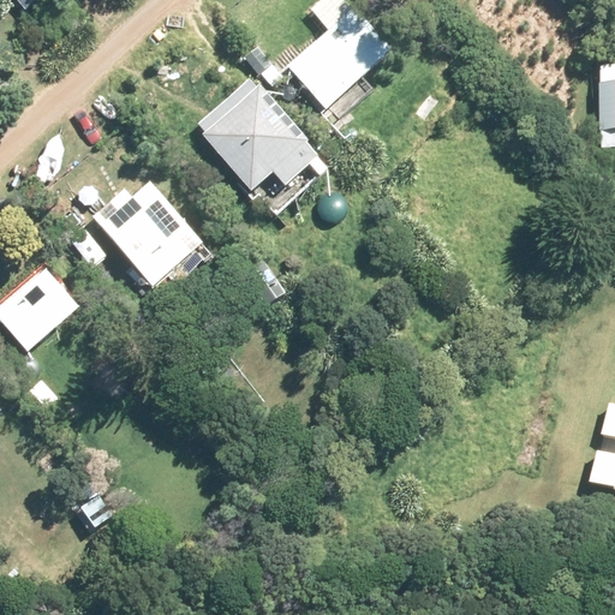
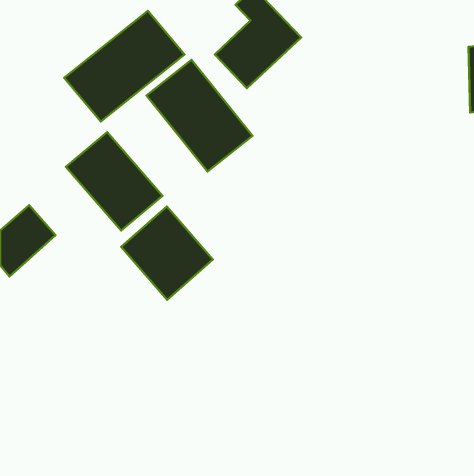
building: none -> [64,11,184,122]
building: none -> [121,206,213,300]

